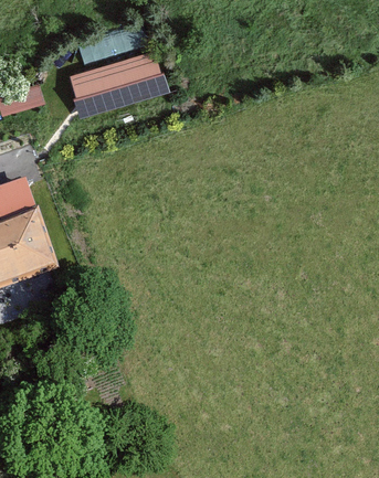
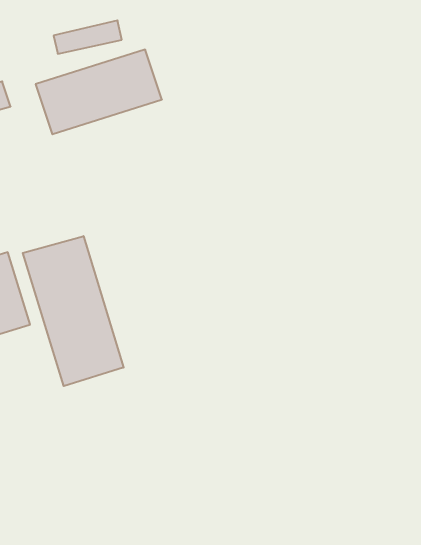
building: none -> [23,236,124,386]

